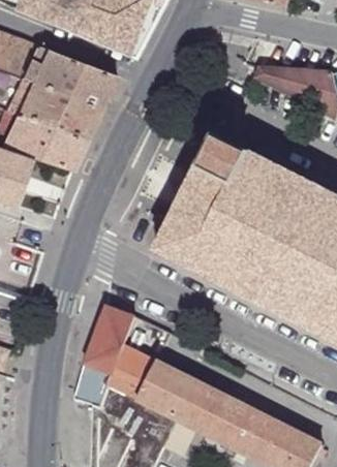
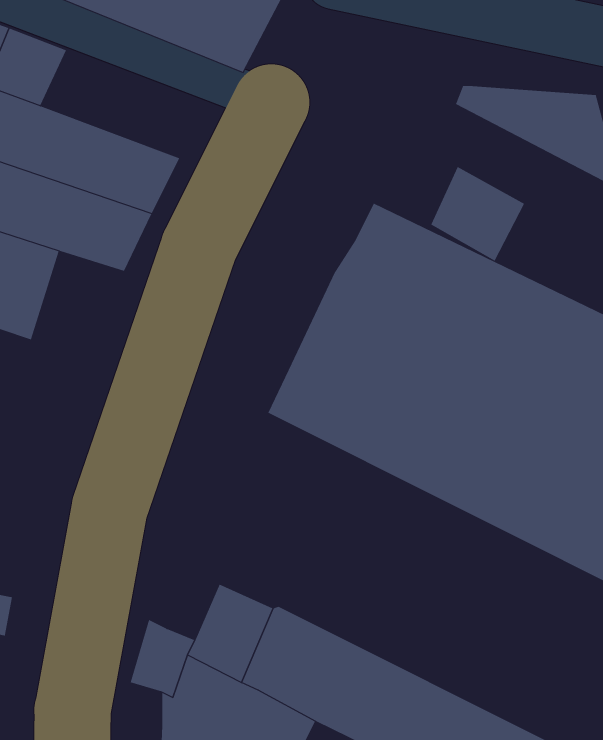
building: [24,46,116,106] -> none
building: none -> [430,166,525,261]
building: [84,306,133,374] -> none

